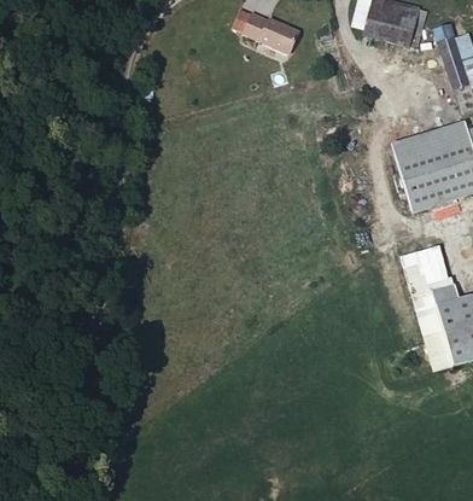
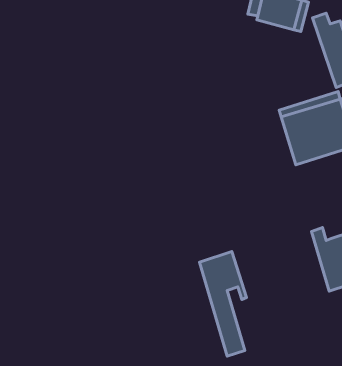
building: [245,14,300,54] -> none
building: [398,244,456,373] -> [200,251,247,356]

